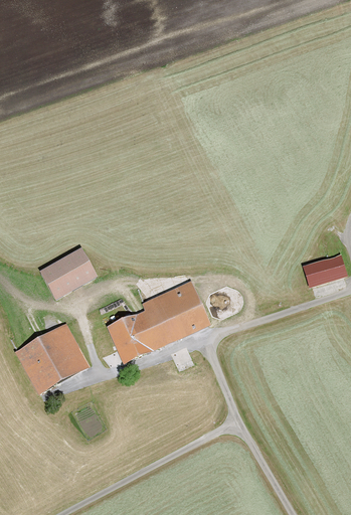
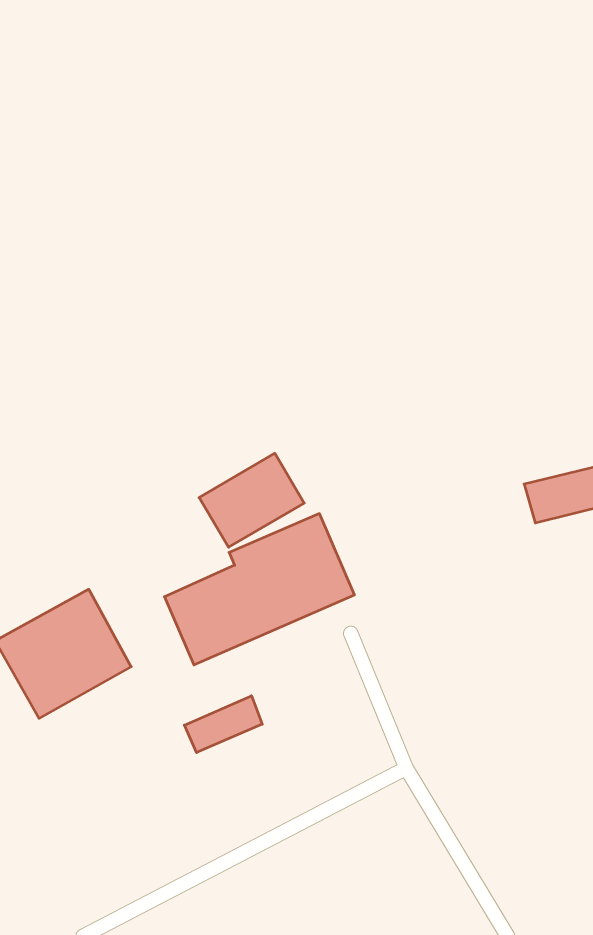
building: [39,247,97,299] -> [199,453,304,547]
building: none -> [184,696,262,753]

